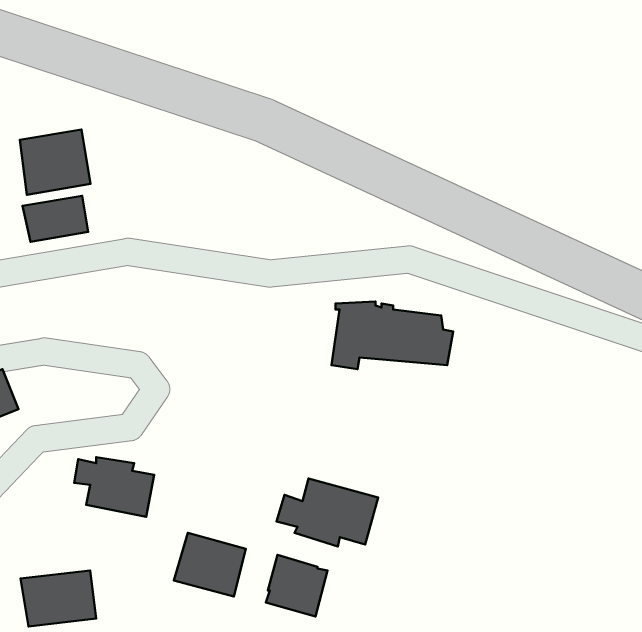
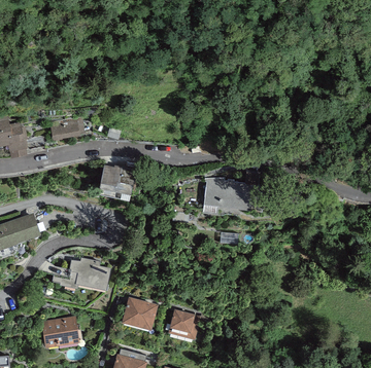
building: [20,129,90,195] -> none
building: none -> [98,163,136,204]
building: [276,479,378,546] -> none

